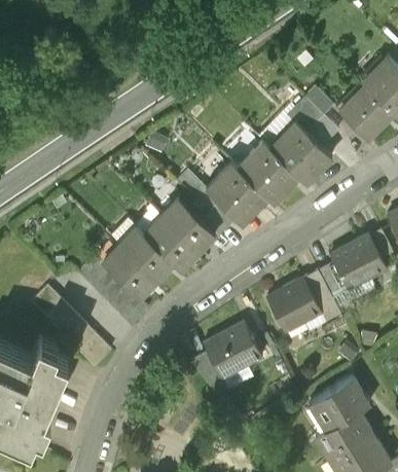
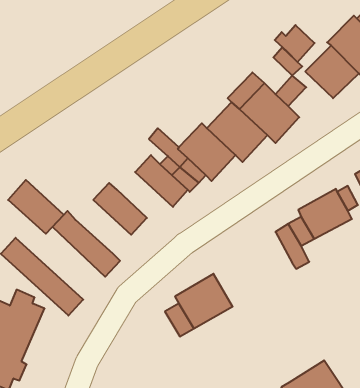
building: [285,98,326,136] -> [275,25,315,62]
building: [145,216,203,271] -> none
building: [102,245,159,300] -> [8,180,64,234]
building: [267,278,326,332] -> none
building: [305,374,372,433] -> none

